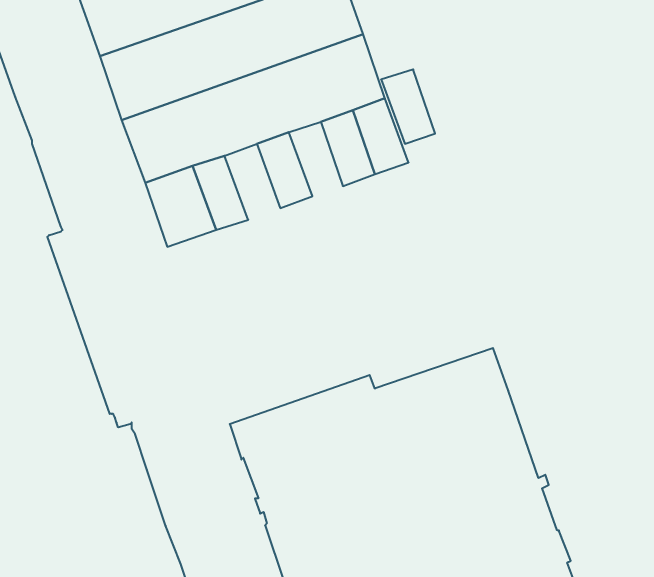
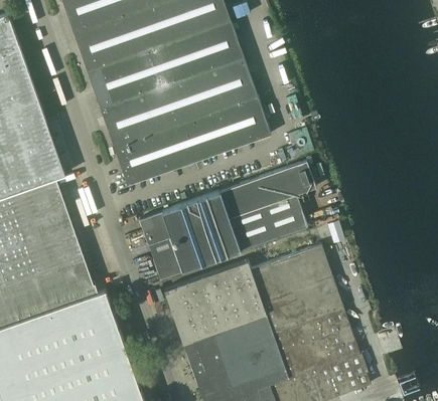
building: [381,69,435,144] -> [199,111,232,155]
building: none -> [161,124,194,169]
building: none -> [139,162,315,278]

